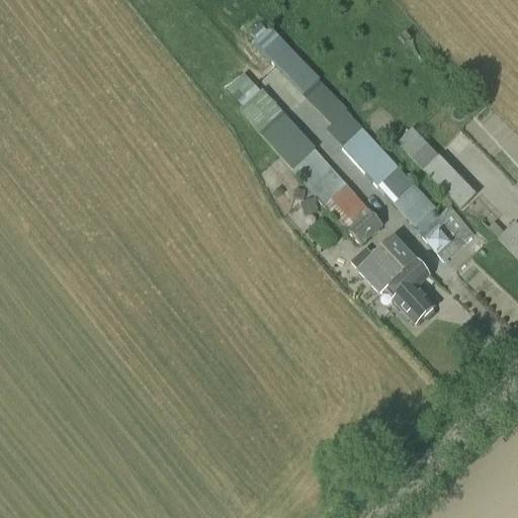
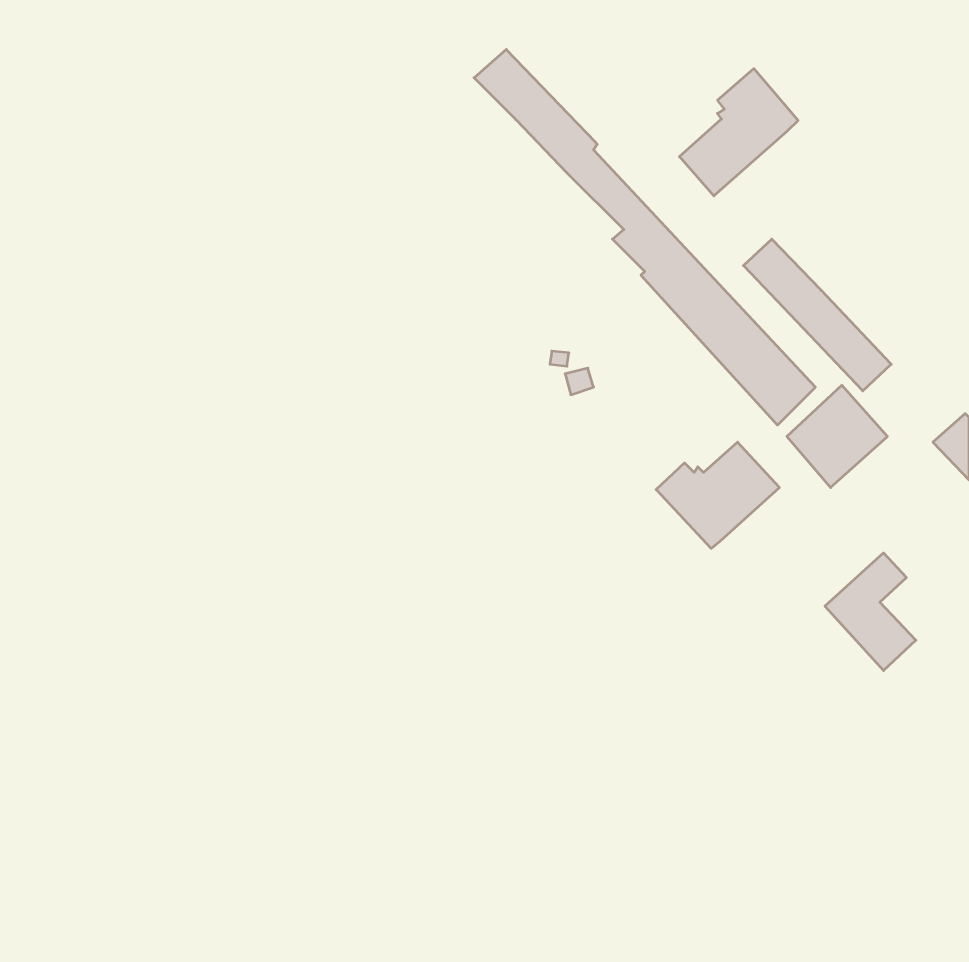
building: none -> [679,69,798,196]
building: [227,71,382,244] -> none
building: [384,260,433,323] -> [825,553,916,671]

